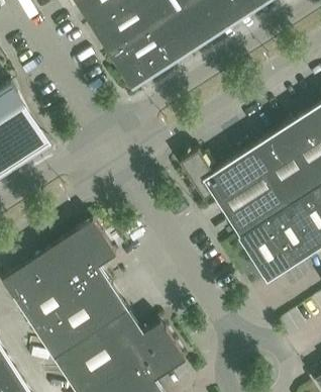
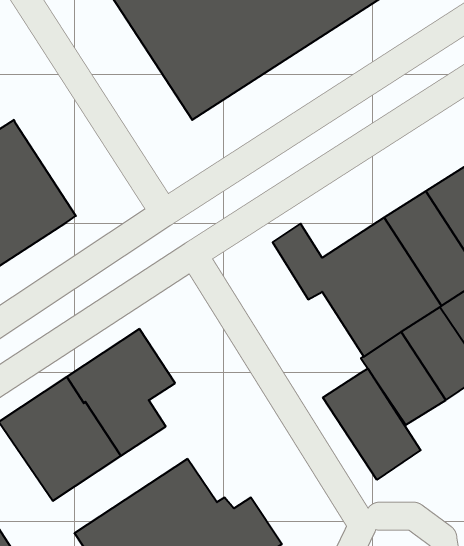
building: none -> [323,369,421,480]
building: [37,284,125,354] -> none

